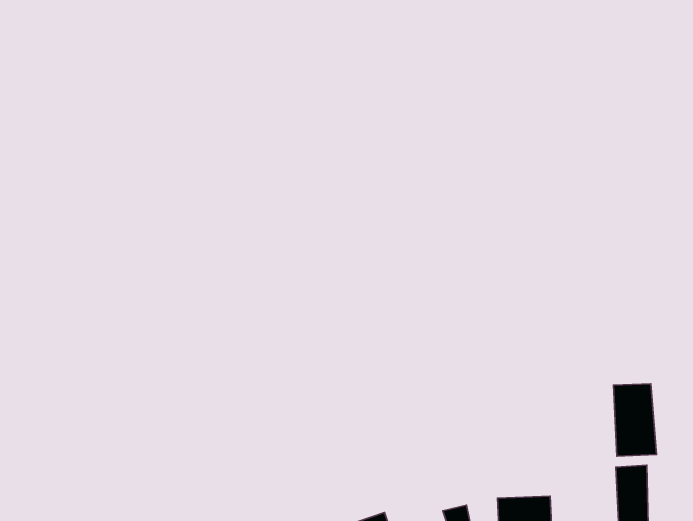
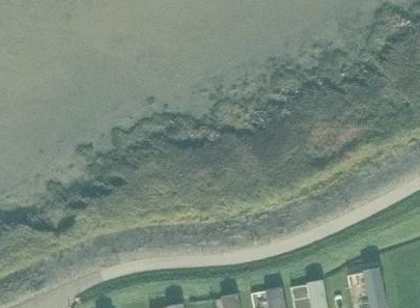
building: [613,384,657,456] -> none

